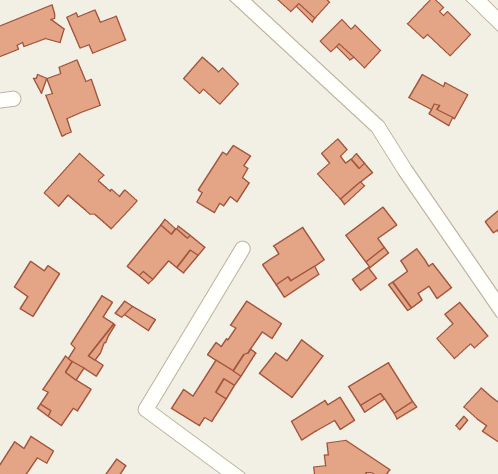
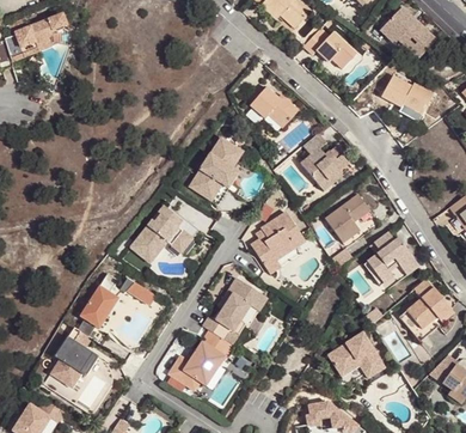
building: [67,10,126,53] -> none
building: [184,57,238,104] -> [250,86,299,128]
building: [46,60,100,136] -> none
building: [44,153,137,229] -> none
building: [14,261,59,316] -> none
building: none -> [399,309,455,341]
building: [259,340,323,398] -> none
building: [291,397,354,440] -> none

